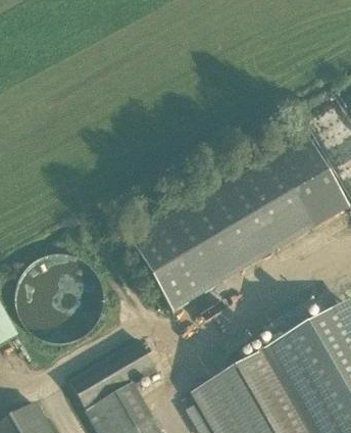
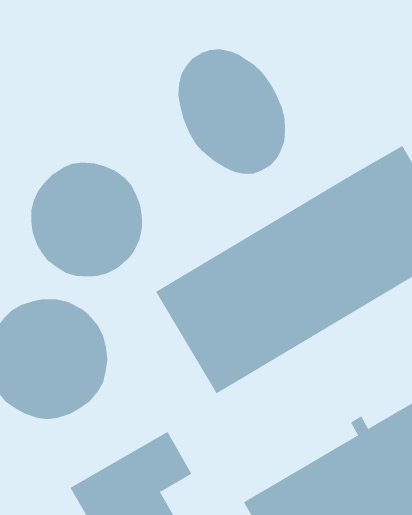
building: none -> [178,49,285,174]
building: none -> [31,162,143,277]

